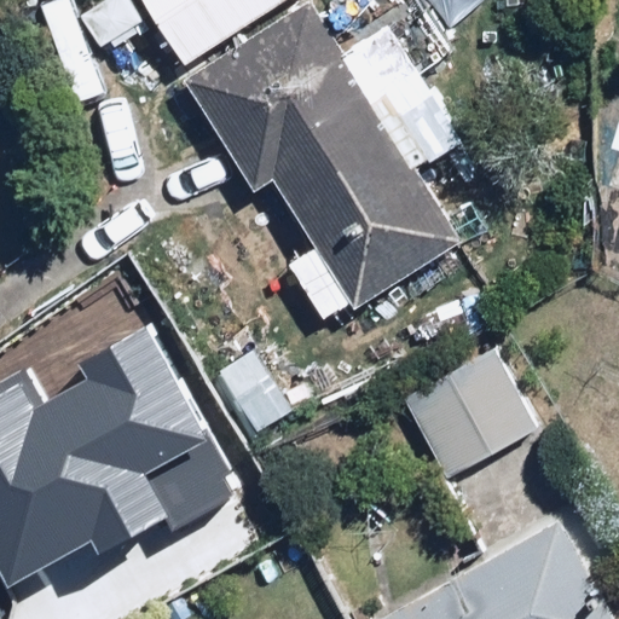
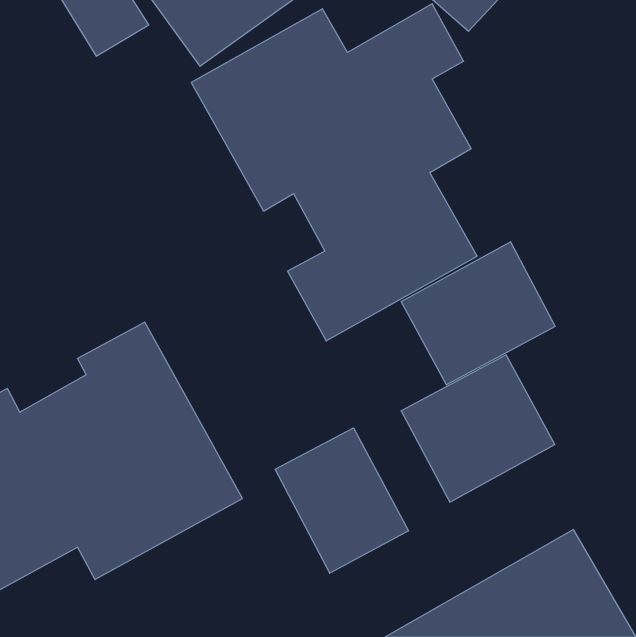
building: none -> [401,242,555,385]
building: none -> [275,428,409,573]

